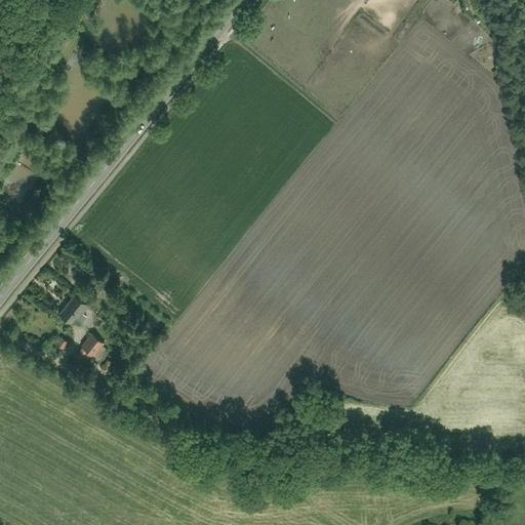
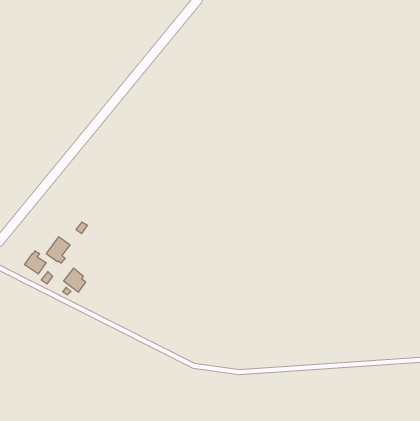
building: none -> [25,251,46,274]

